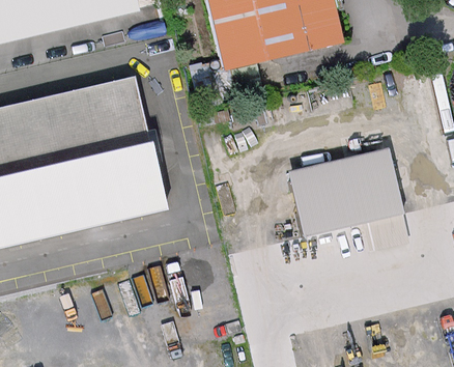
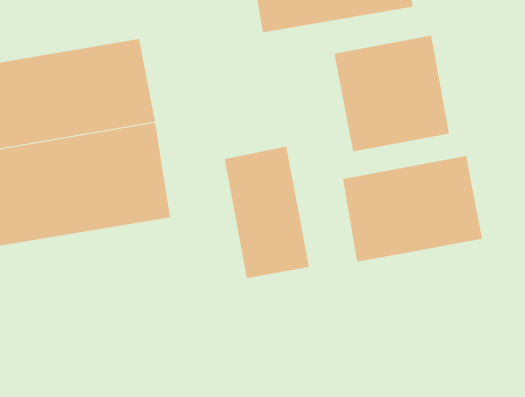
building: none -> [334,35,449,152]
building: none -> [224,146,309,279]

